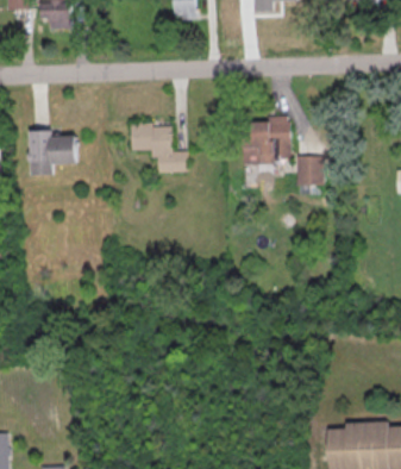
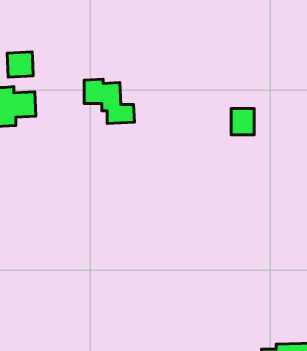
building: none -> [7,52,33,77]
building: [242,121,289,165] -> none

